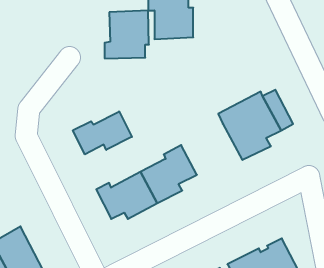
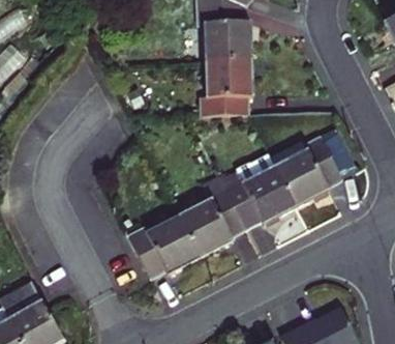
building: [105,10,149,58] -> [194,73,244,126]
building: [73,111,132,154] -> none
building: none -> [230,170,298,227]

